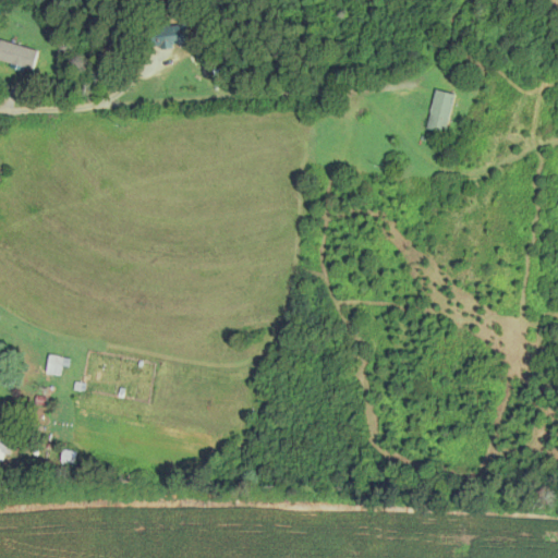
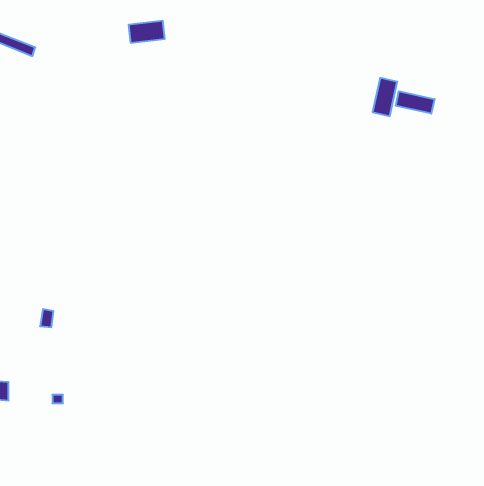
building: none -> [396,91,435,114]

